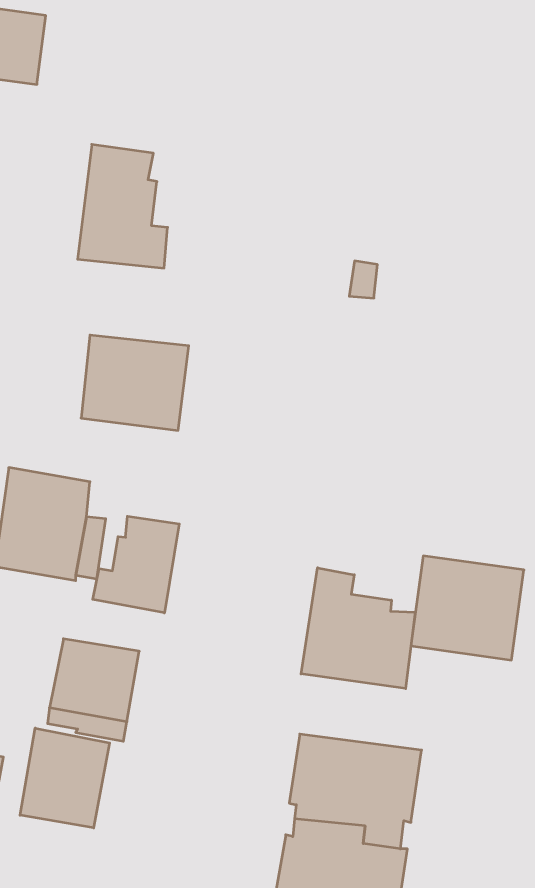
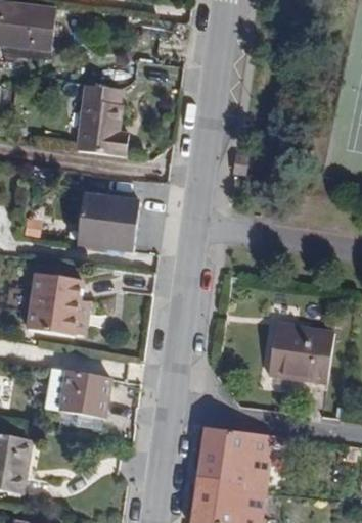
building: [93,516,179,613] -> none
building: [301,568,415,689] -> none
building: [20,728,110,828] -> none

